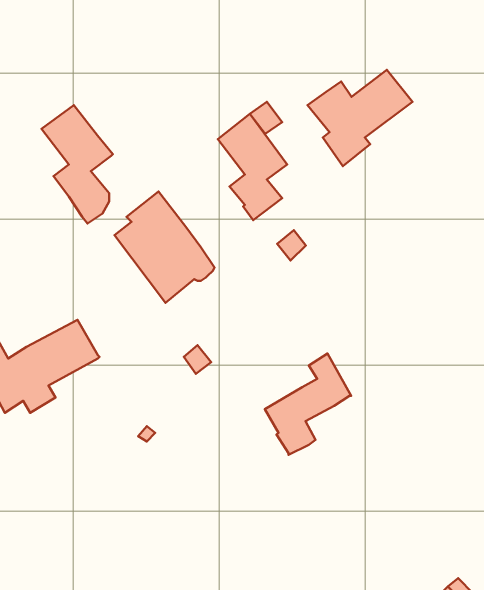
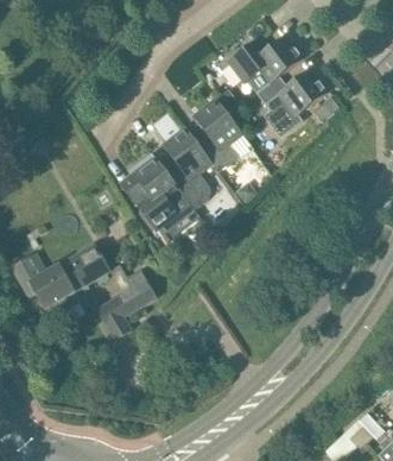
building: none -> [228,33,304,93]
building: [42,105,113,223] -> [163,128,213,211]
building: [265,354,351,455] -> [96,269,157,340]

